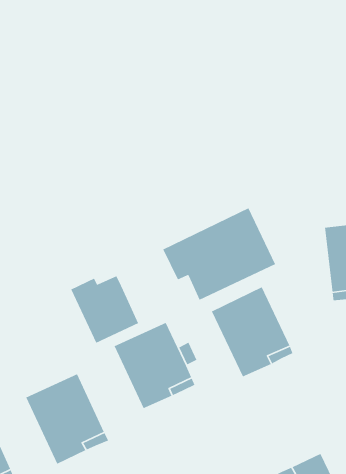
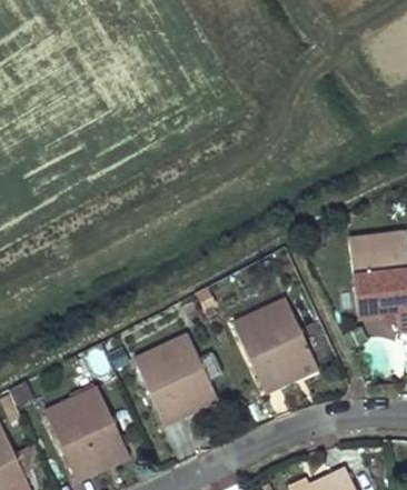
building: [162,207,276,301] -> none
building: [70,275,139,344] -> none

